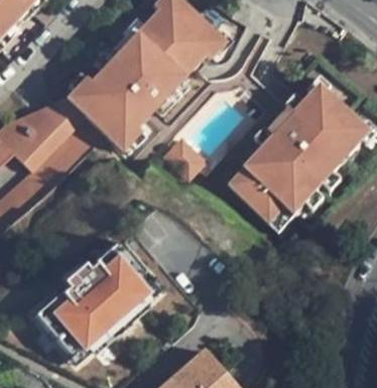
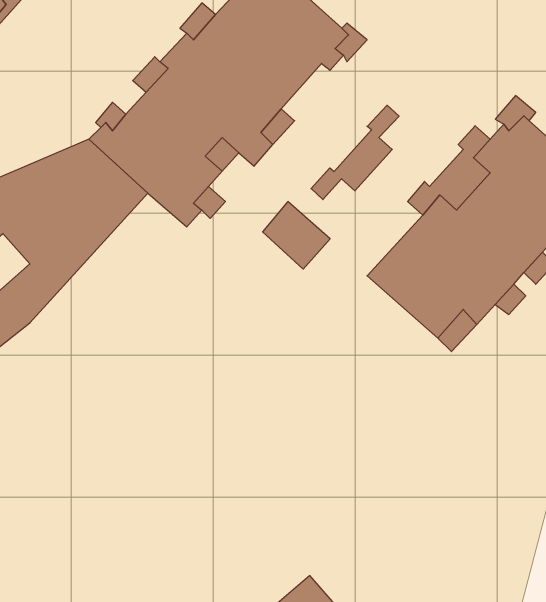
building: none -> [311,105,399,200]
building: [34,243,152,356] -> none

